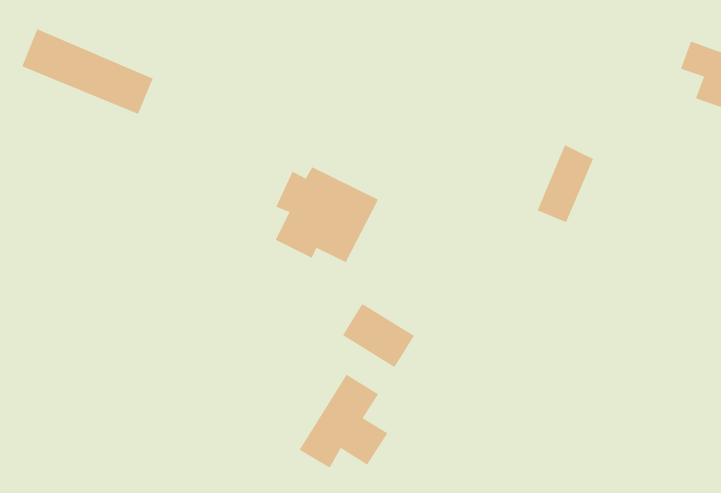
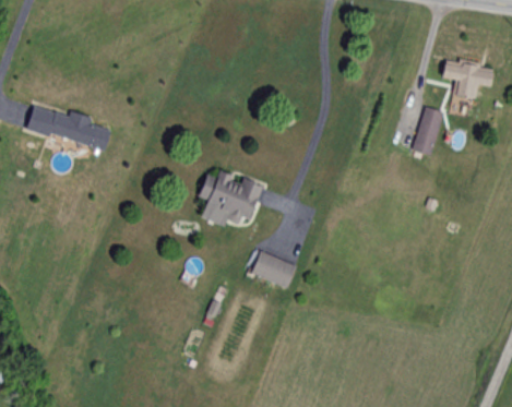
building: [537,145,594,223] -> [413,106,444,155]
building: [299,374,388,469] -> none

